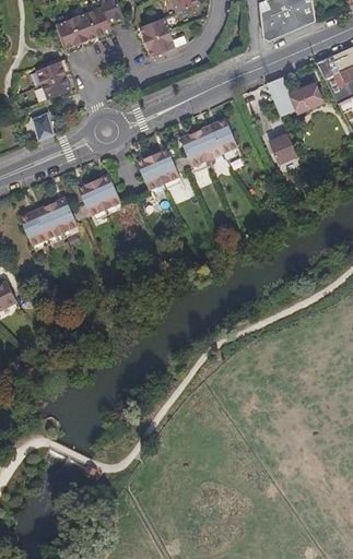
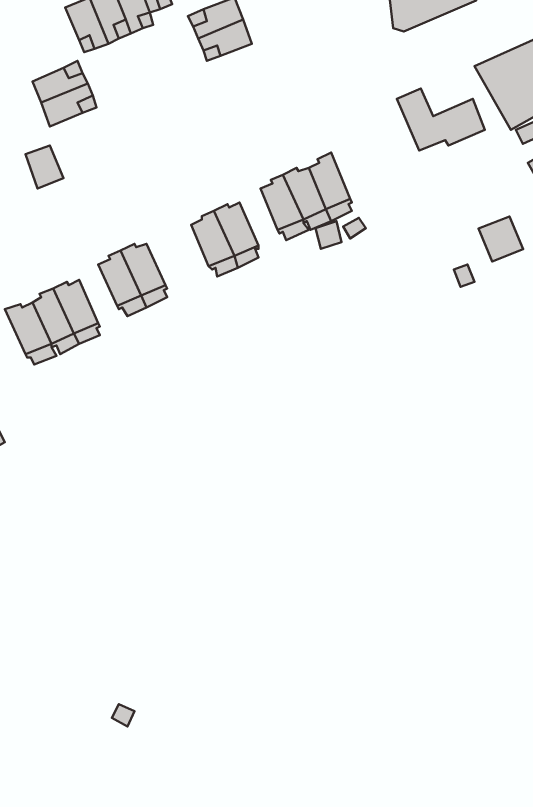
building: [268,133,296,162] -> [478,217,523,261]

